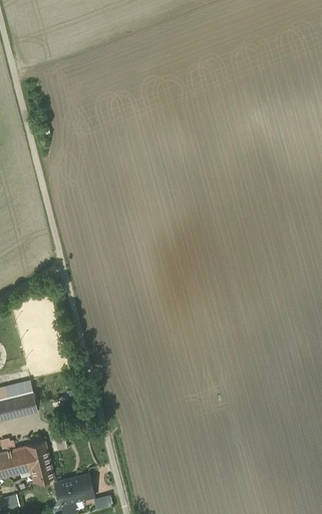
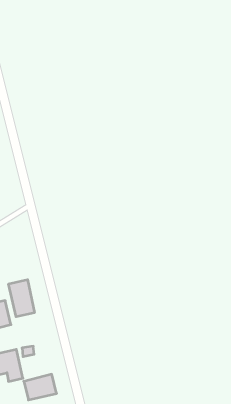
building: none -> [9,280,34,317]

